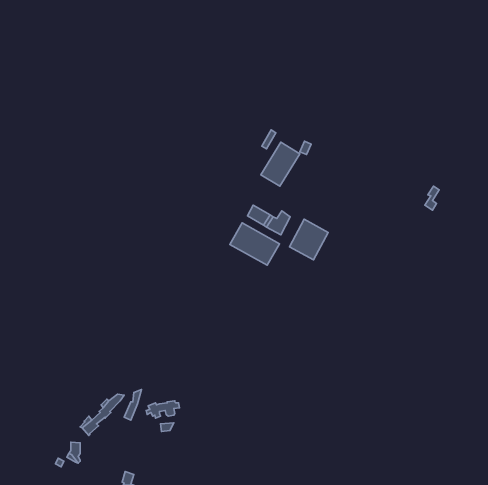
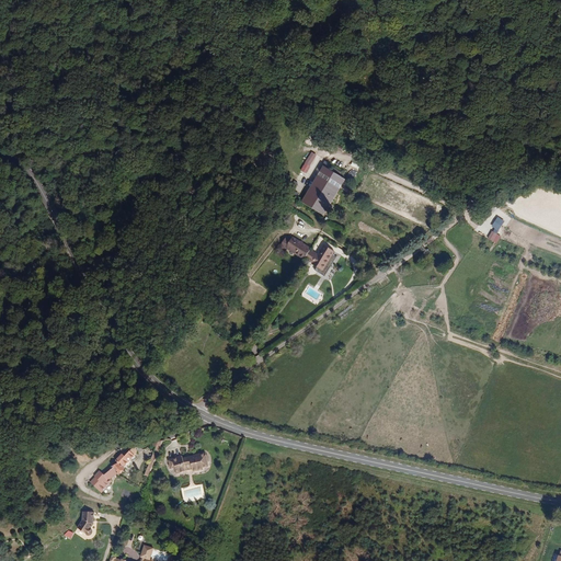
building: [289,219,328,260] -> none
building: [230,223,280,265] -> none

